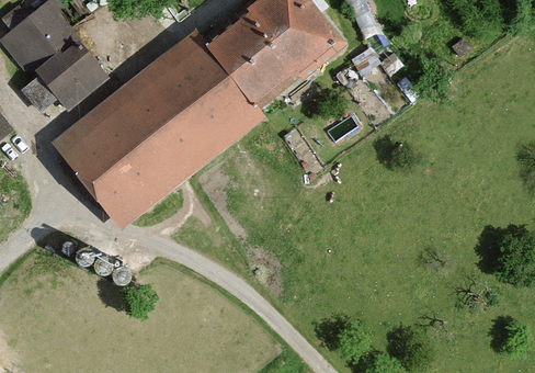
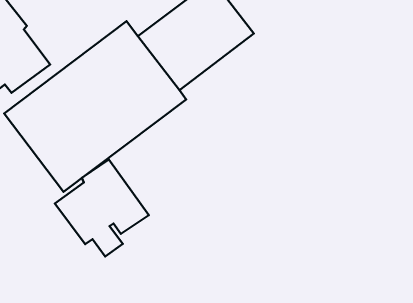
building: none -> [55,160,149,256]

